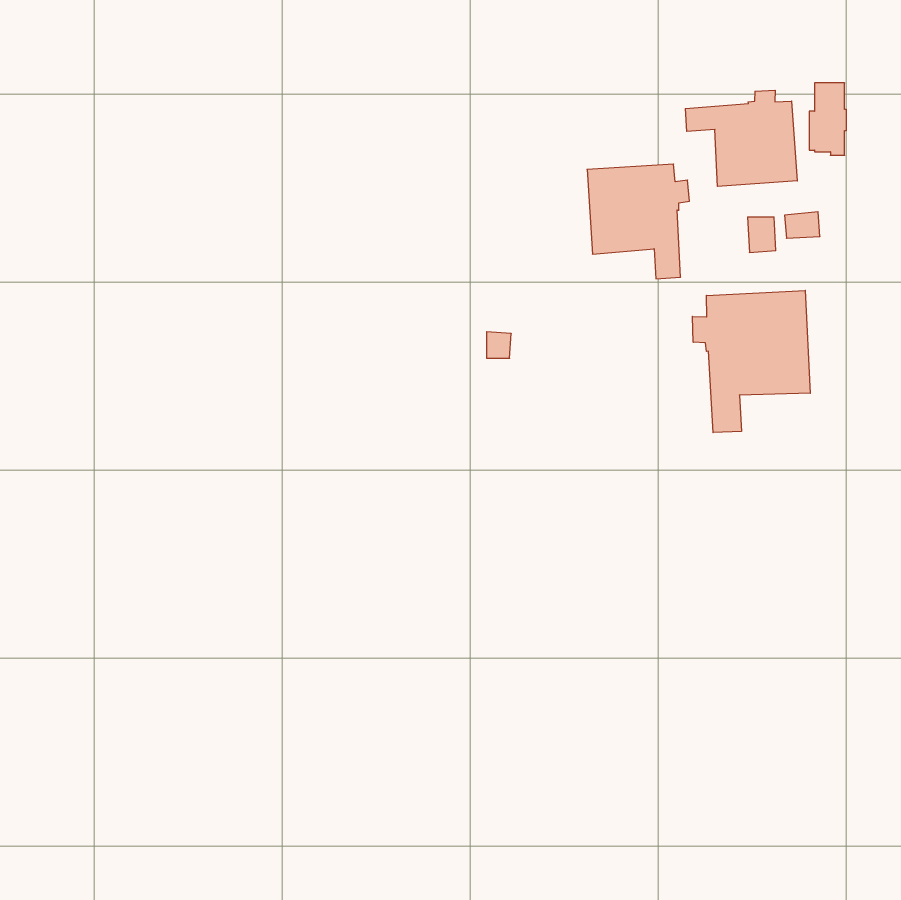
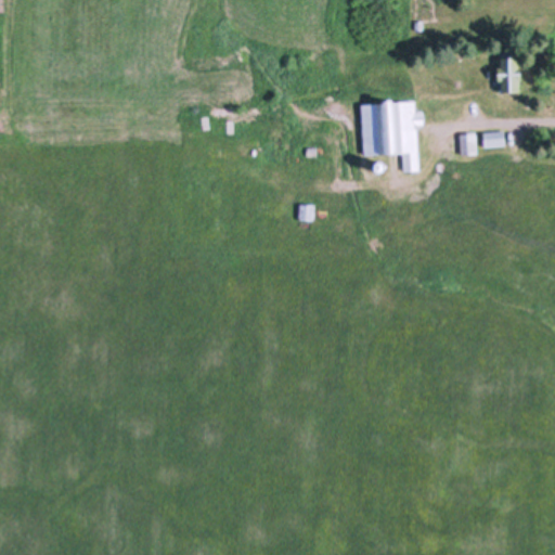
building: [685,90,797,186] -> none
building: [692,290,810,433] -> none

